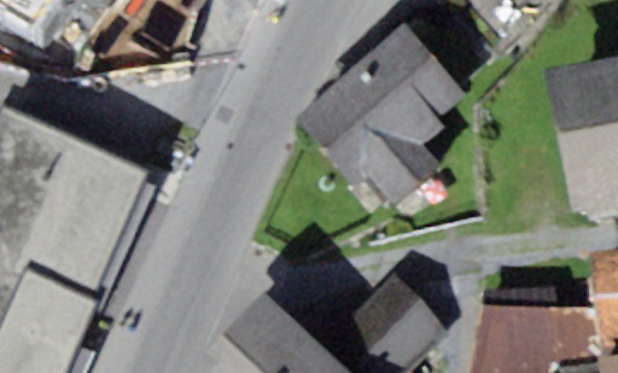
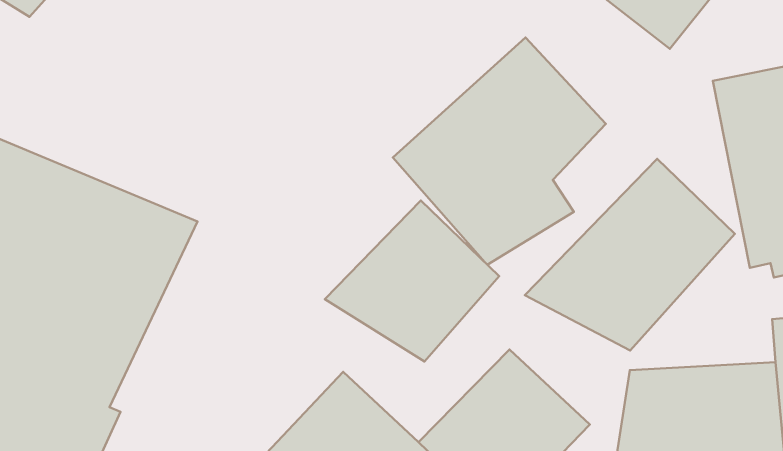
building: none -> [525,159,735,350]
building: none -> [325,201,499,362]

